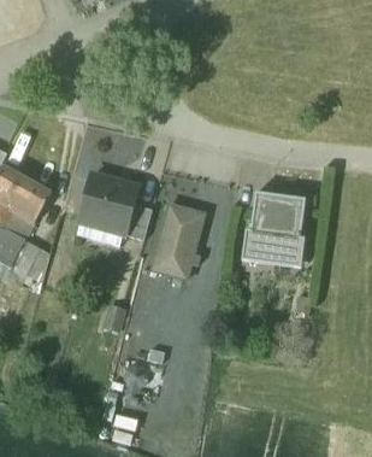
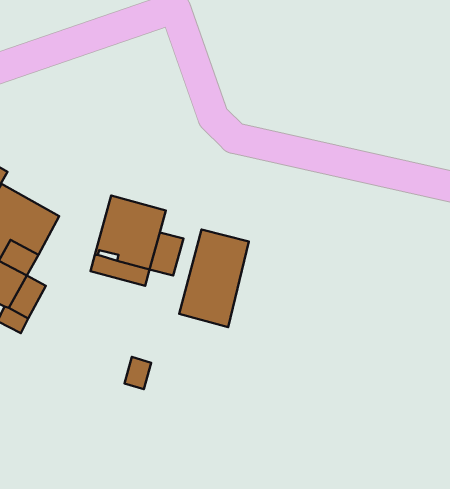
building: [248,191,306,260] -> none

